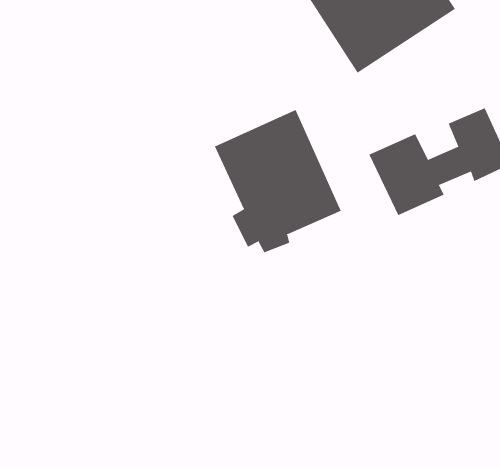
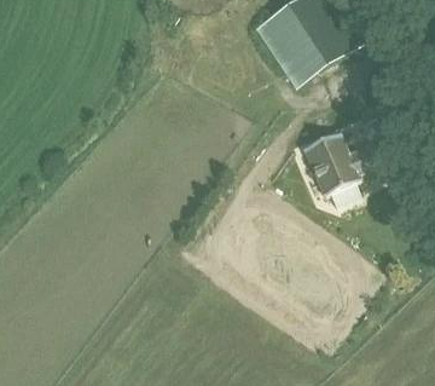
building: [214,109,342,253] -> none

